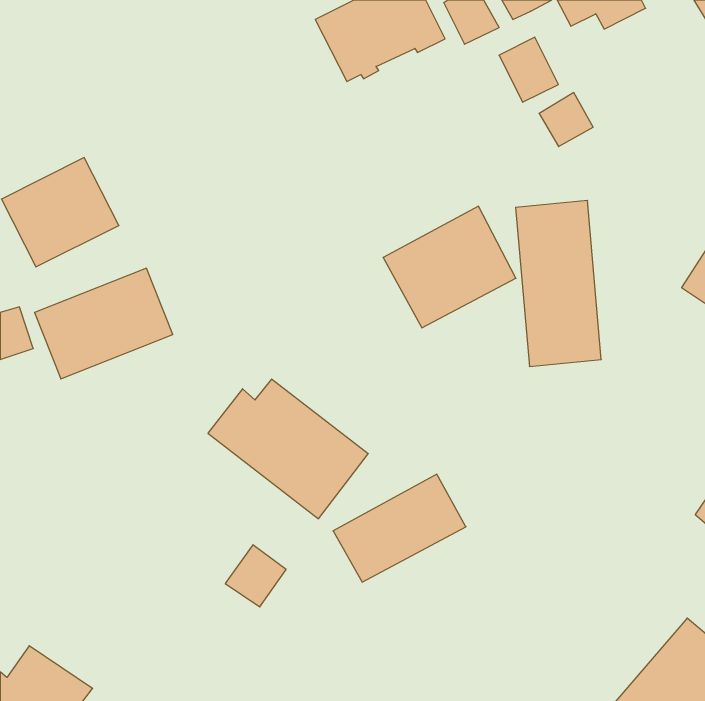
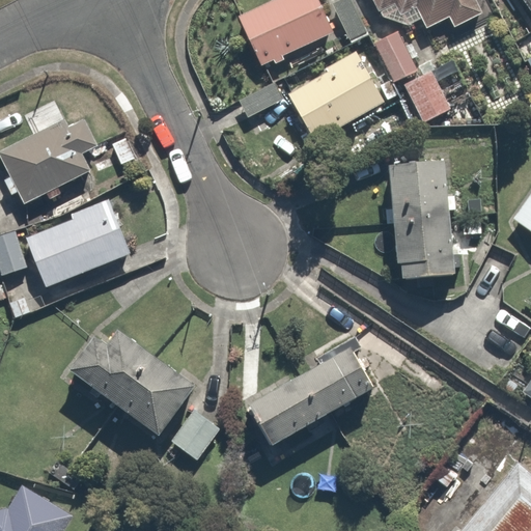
building: [383,206,516,328] -> [285,48,385,139]
building: [208,379,368,519] -> [71,327,191,431]

